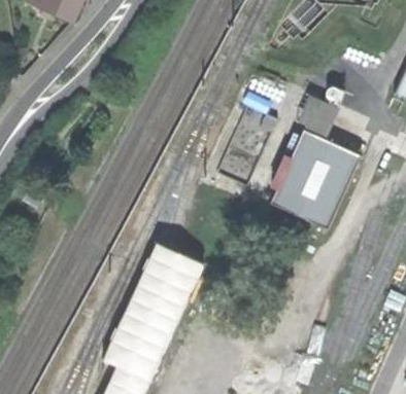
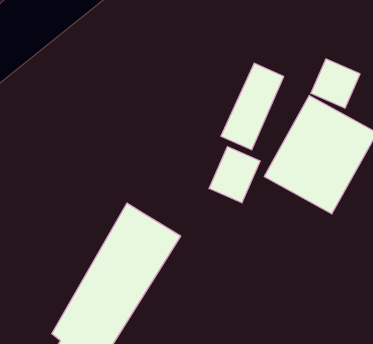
building: none -> [209,147,260,203]

